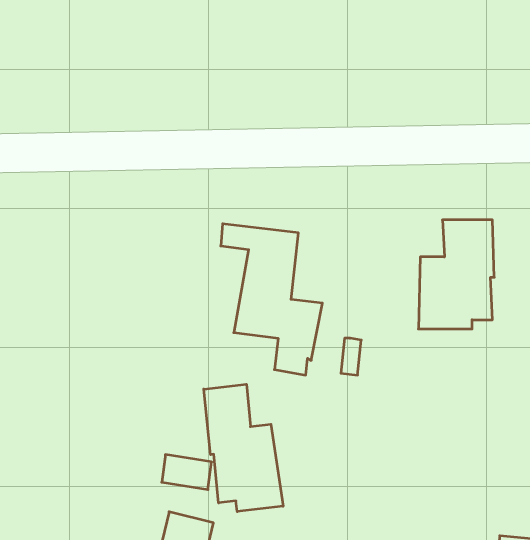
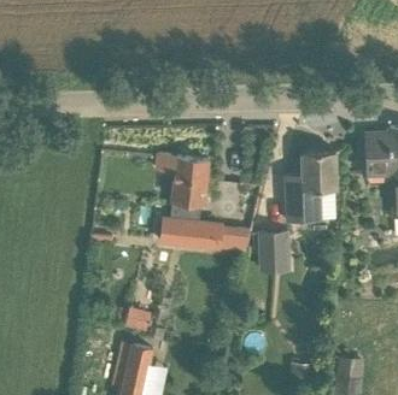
building: none -> [262,234,291,273]
building: [204,384,283,512] -> none

